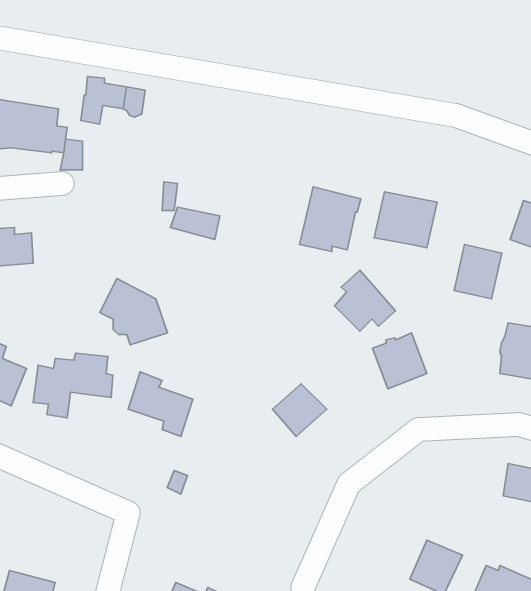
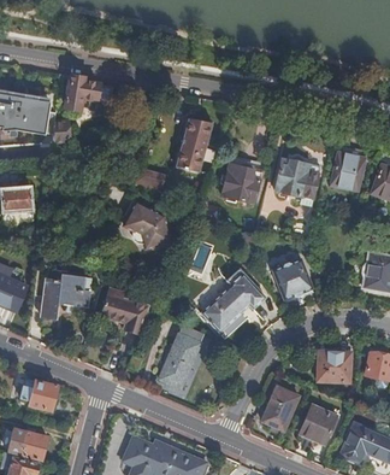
building: none -> [176,118,212,172]
building: [454,245,502,299] -> [330,152,364,190]
building: [334,270,396,331] -> [223,270,266,313]
building: [100,278,168,345] -> [124,203,172,250]
building: none -> [162,326,207,391]
building: none -> [318,351,351,382]
building: none -> [20,376,58,410]
building: none -> [261,387,299,432]

